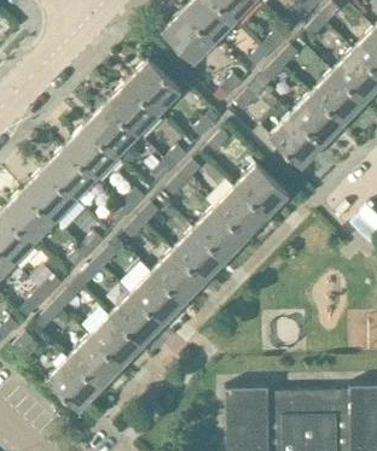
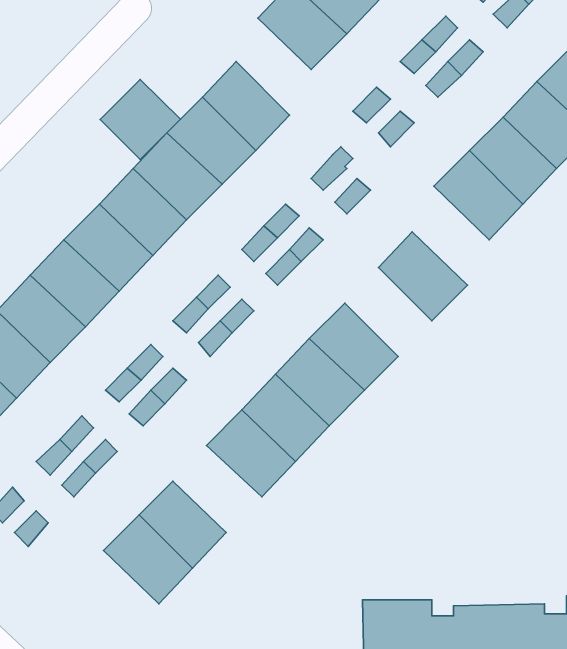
building: none -> [100,79,180,159]
building: [215,186,268,240] -> none
building: [110,294,164,347] -> none
building: [47,358,101,412] -> none

